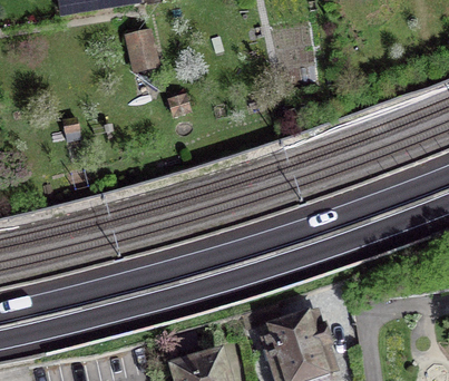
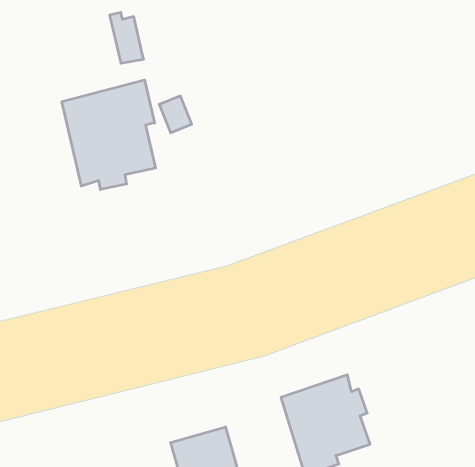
building: none -> [62,80,156,190]

